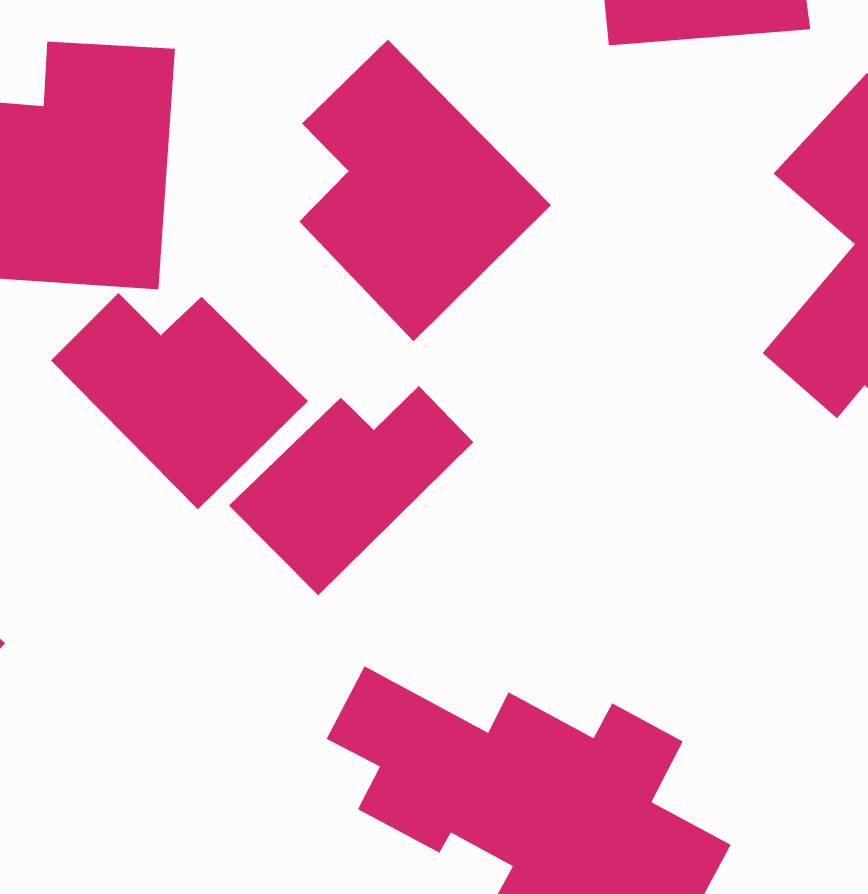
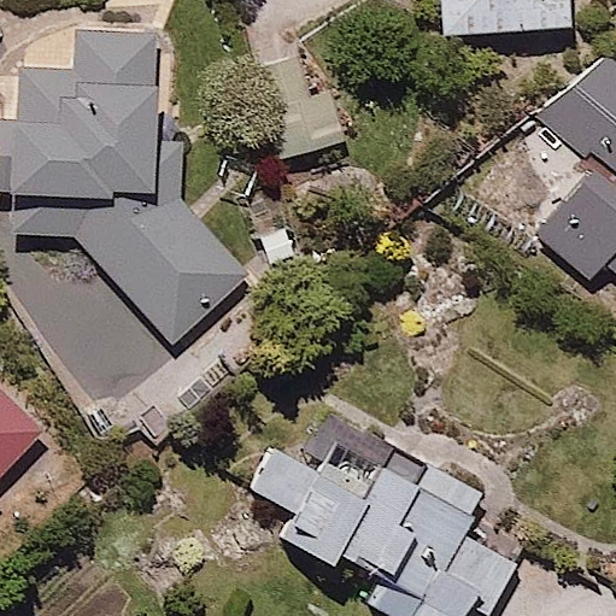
building: [298,39,552,342] -> none
building: [228,385,474,596] -> none

